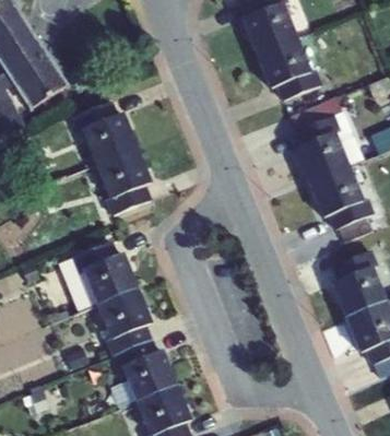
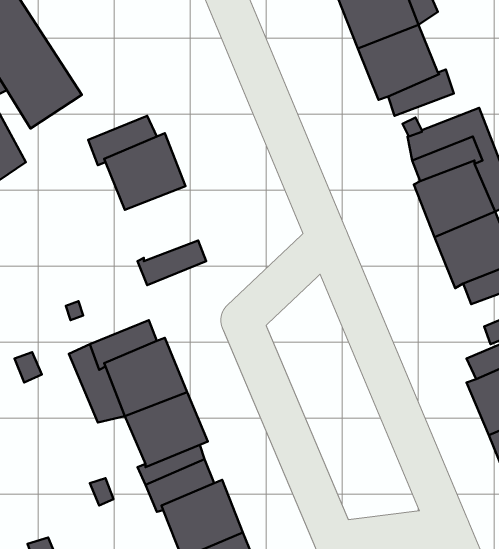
building: [97,148,153,199] -> none

